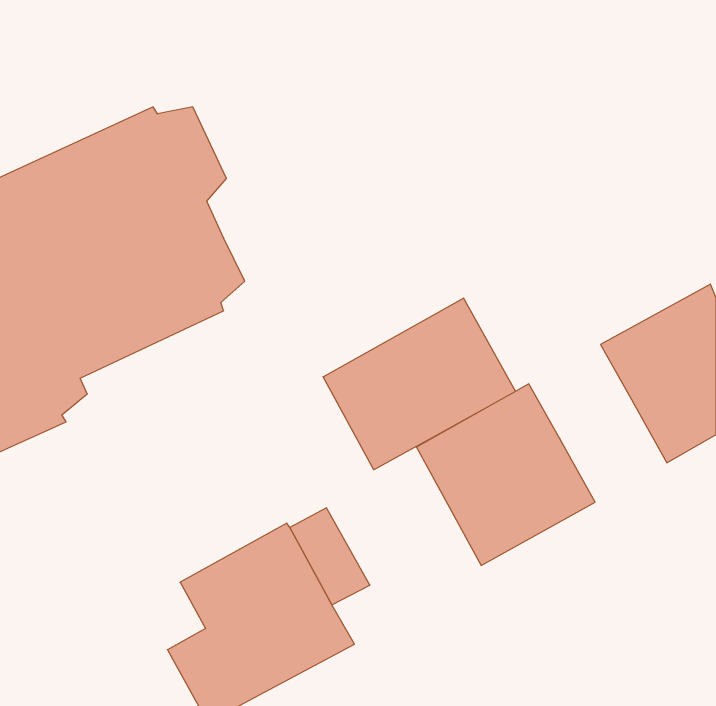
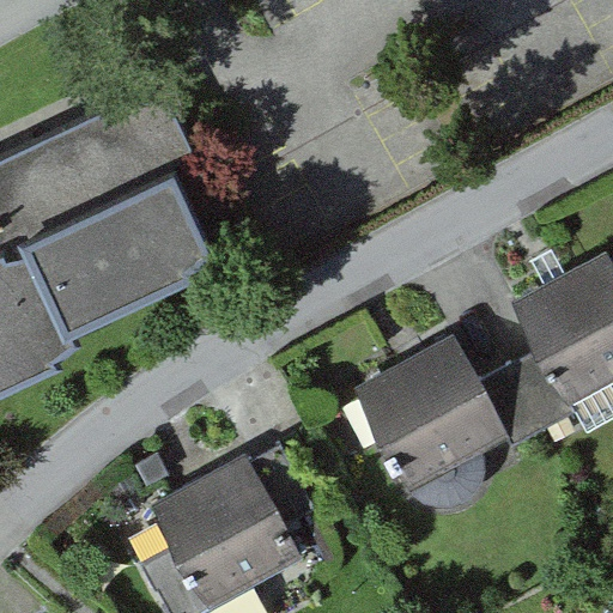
building: [323,298,516,470] -> none
building: none -> [477,351,572,447]

